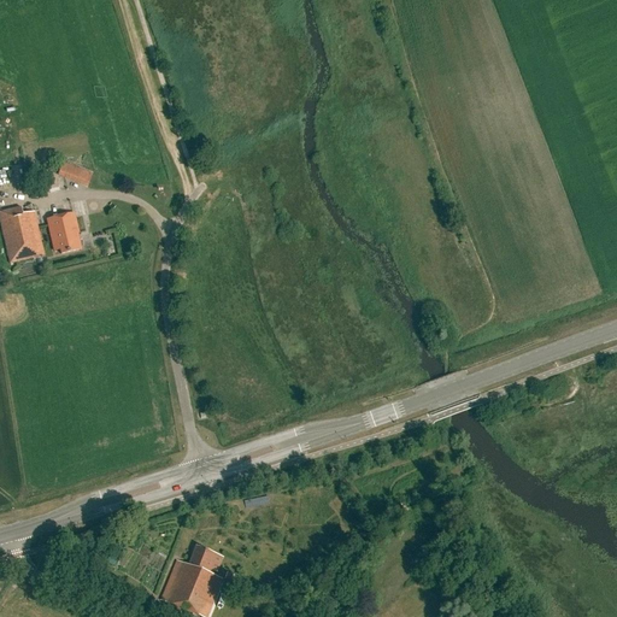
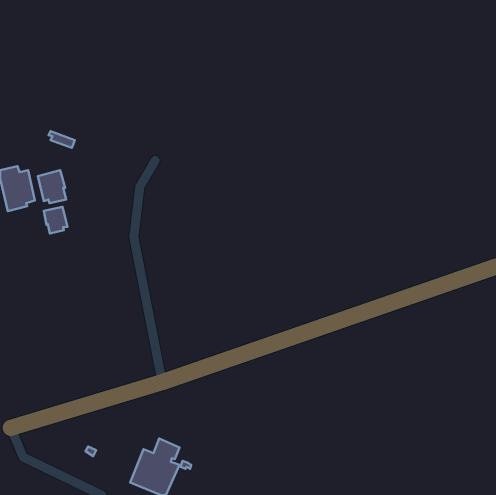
building: none -> [44,207,67,233]

